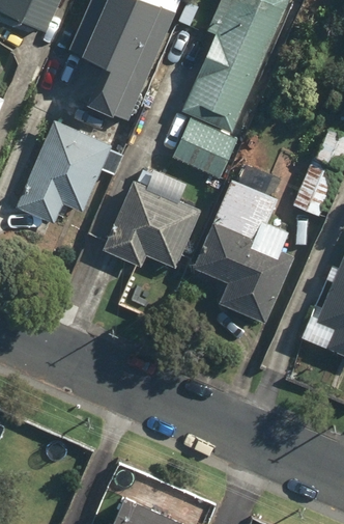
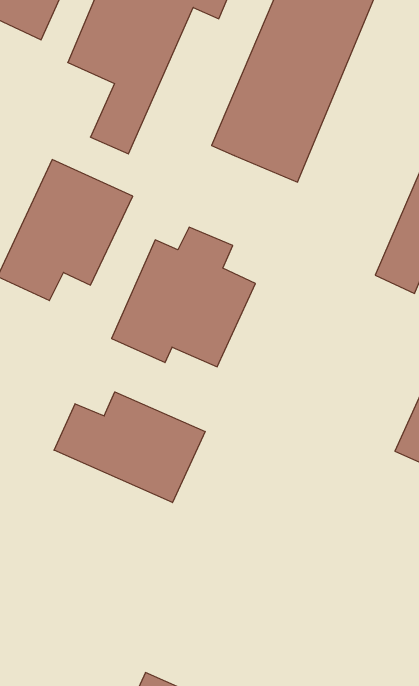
building: [173,117,236,177] -> none
building: [191,177,293,324] -> none
building: none -> [54,392,205,503]

